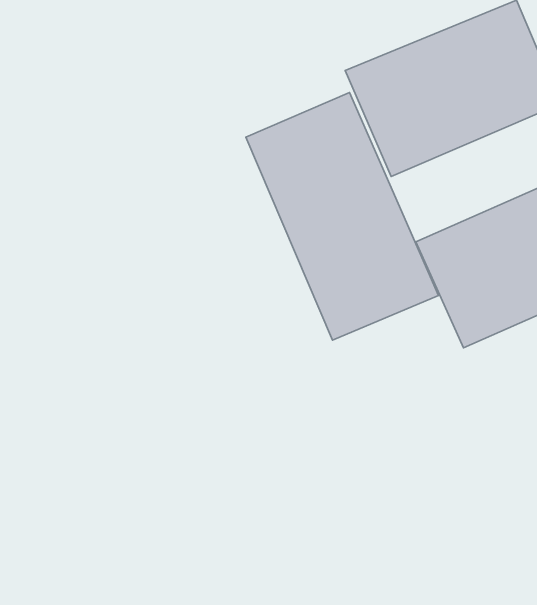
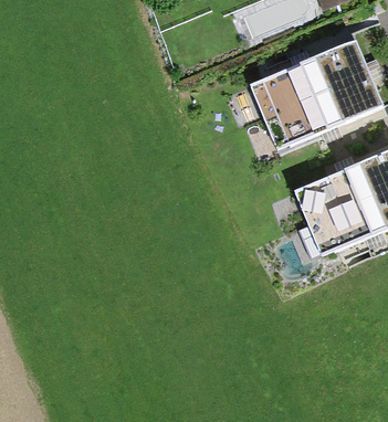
building: [246,92,439,340] -> none

